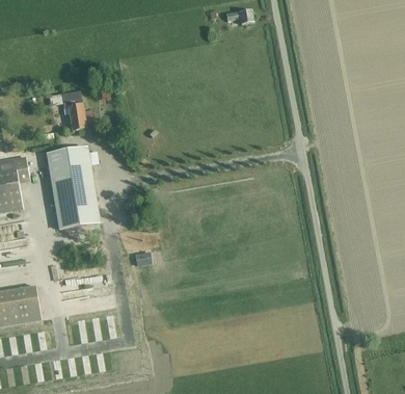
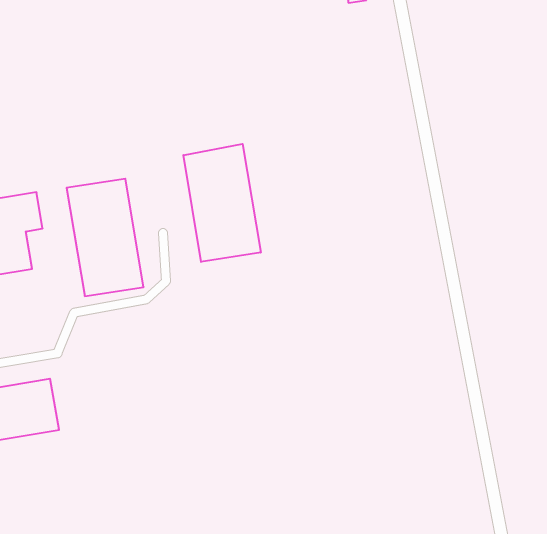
building: [61,90,91,131] -> none
building: none -> [183,144,261,262]

